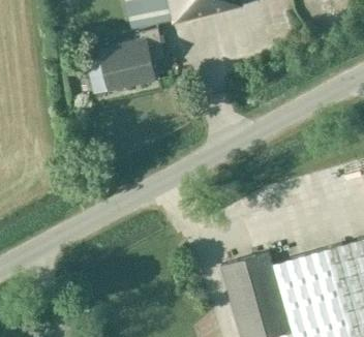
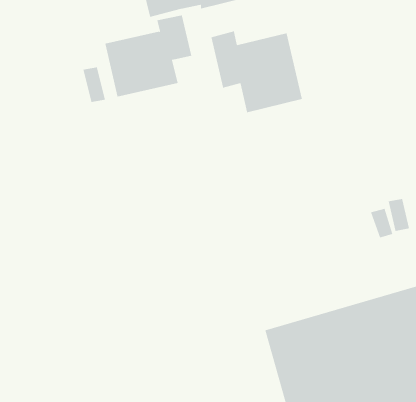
building: none -> [211,31,303,113]

